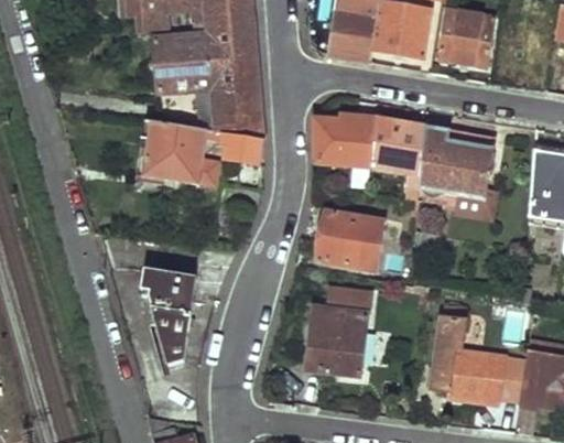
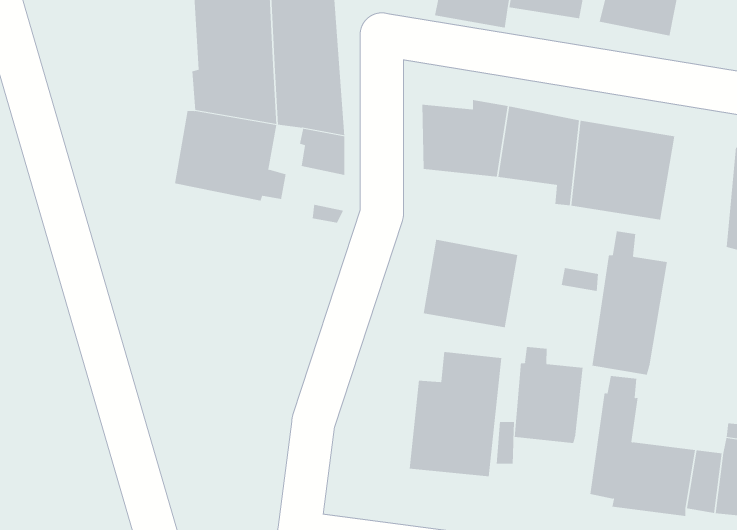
building: none -> [592,231,667,375]
building: [137,269,195,363] -> none
building: none -> [514,346,583,444]

